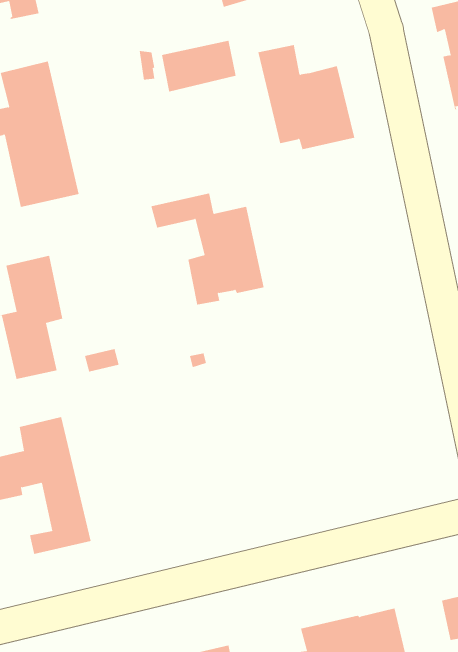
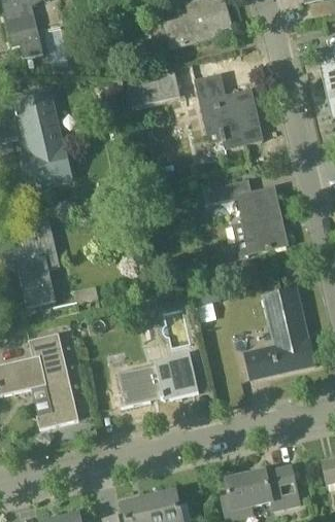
building: [150,193,265,305] -> [207,178,287,256]
building: none -> [245,288,314,379]
building: none -> [112,357,193,408]

